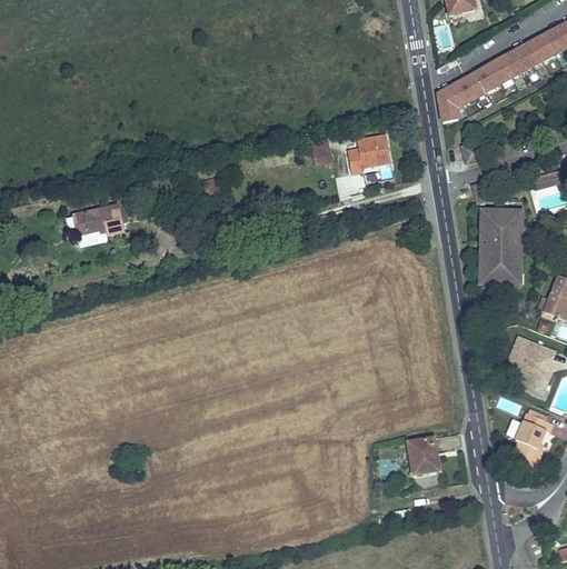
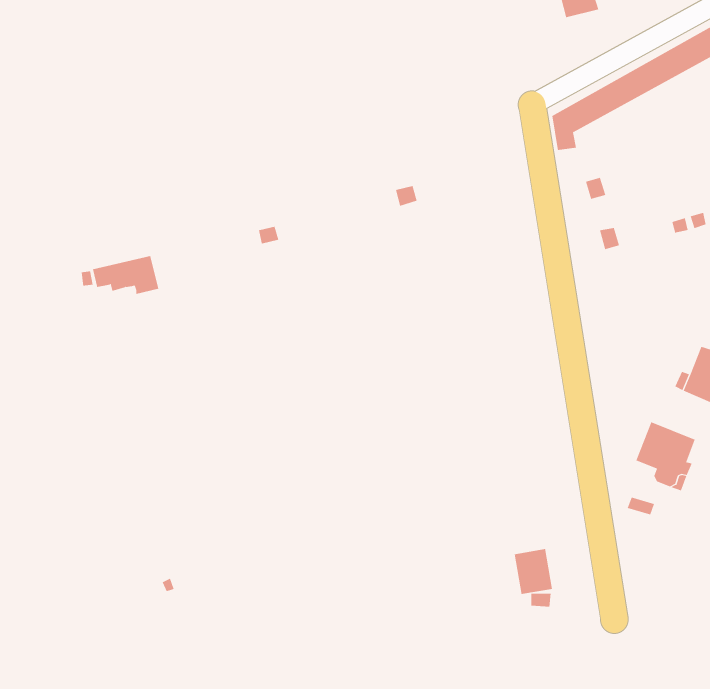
building: [348,133,391,173] -> none
building: [483,208,523,282] -> none
building: [510,411,553,467] -> none

